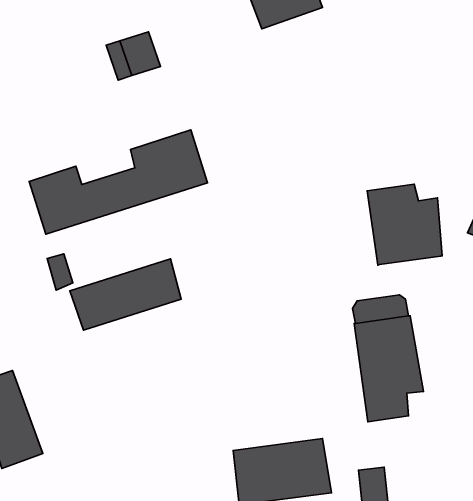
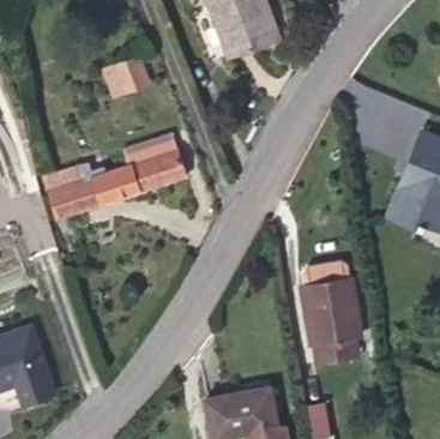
building: [367,184,442,265] -> none
building: [70,259,181,330] -> none

